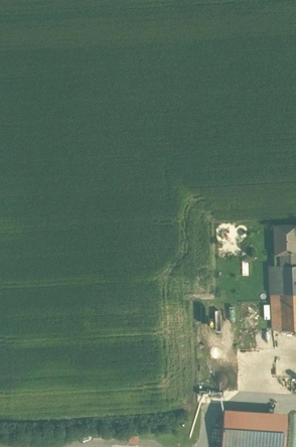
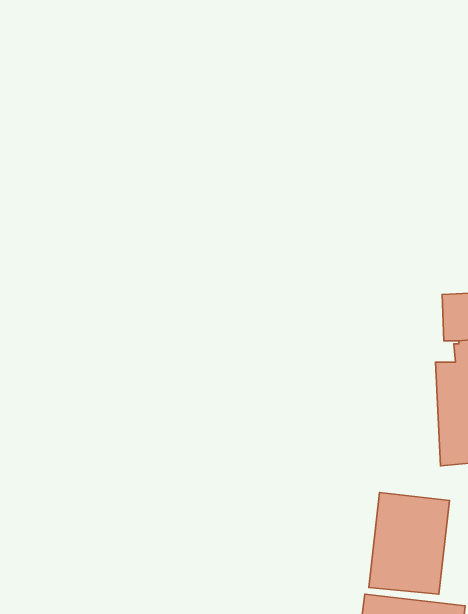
building: none -> [369,492,449,594]

